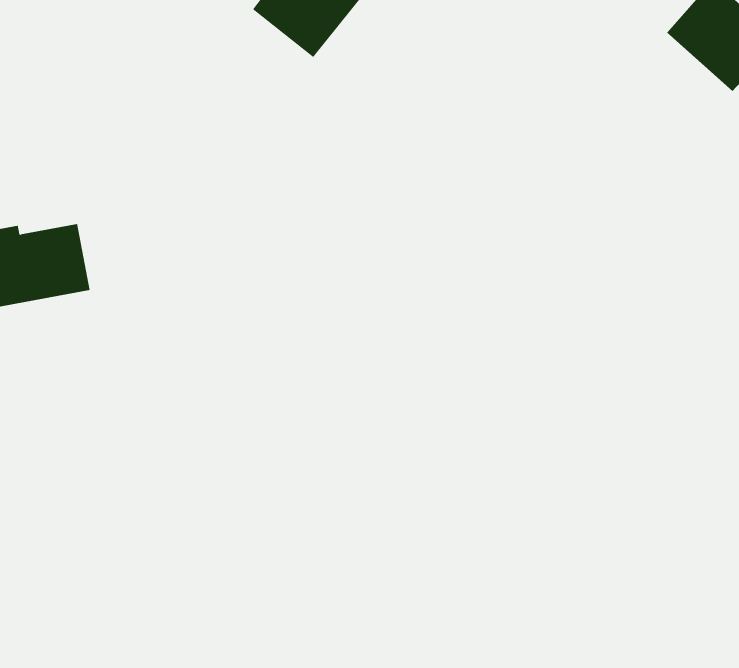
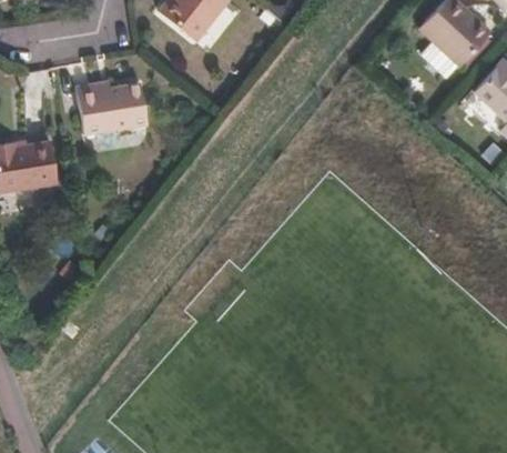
building: none -> [81,82,150,134]

